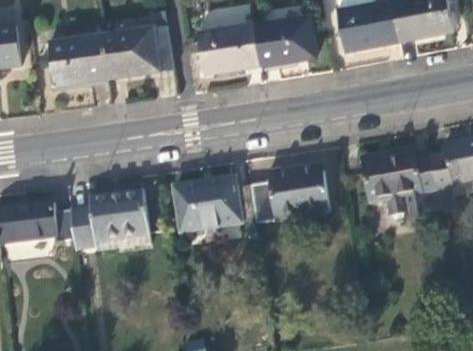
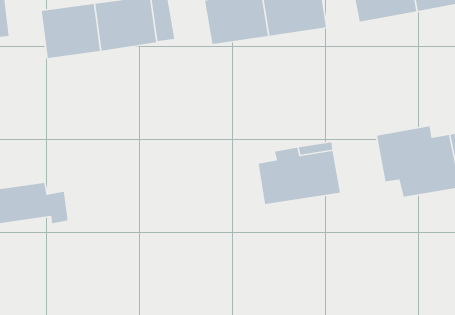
building: [173,176,256,229] -> none
building: [71,189,149,249] -> none

